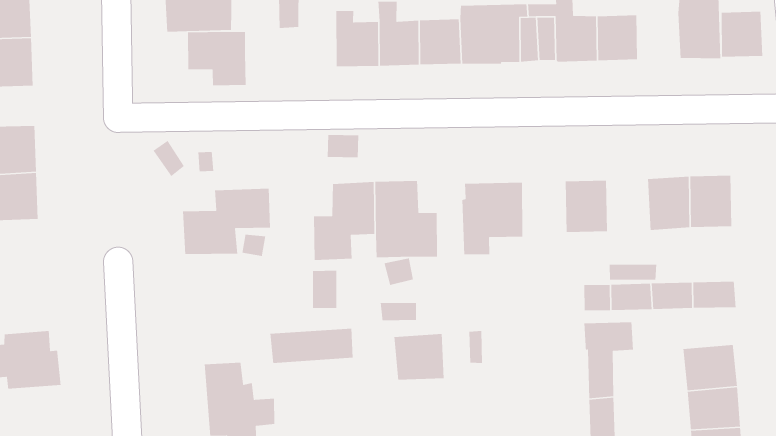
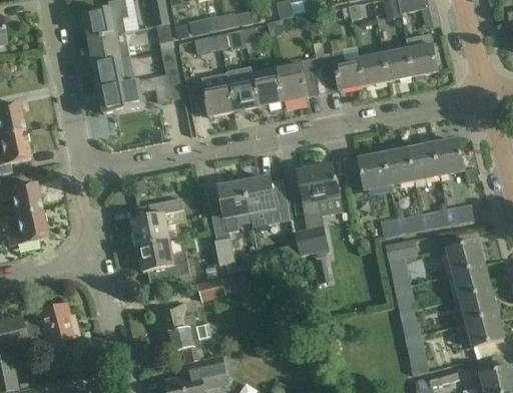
building: [721,11,763,57] -> [384,48,414,80]
building: [187,31,247,86] -> none
building: none -> [383,150,414,186]
building: none -> [137,239,190,280]
building: [393,333,444,381] -> [294,225,329,258]

